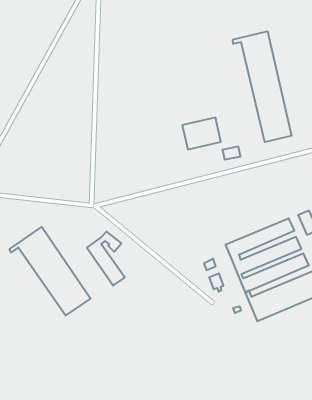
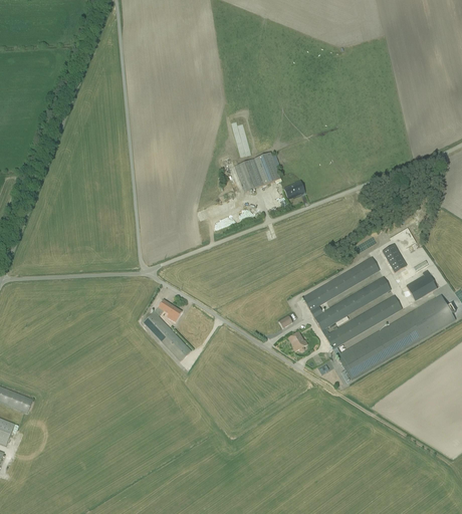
building: [233,31,292,142] -> none
building: [10,227,91,316] -> none

